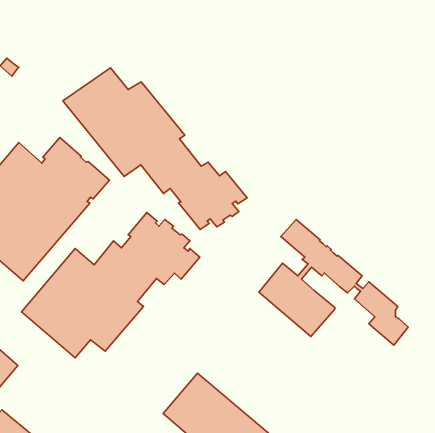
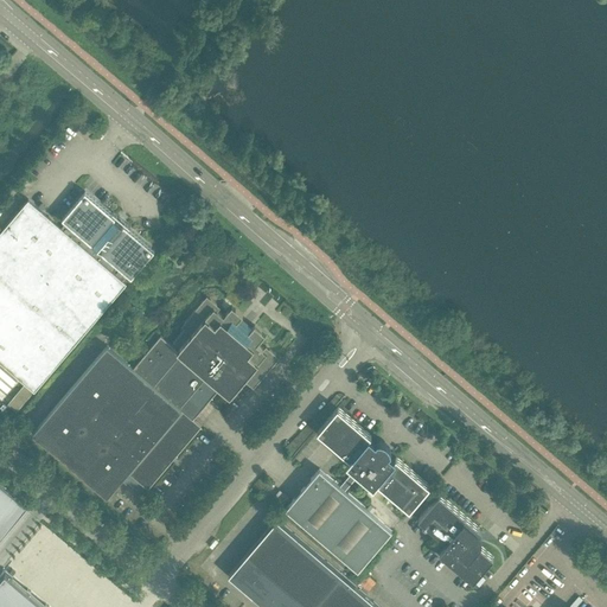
building: [63,68,247,229] -> none
building: [259,219,408,345] -> [283,411,491,586]

